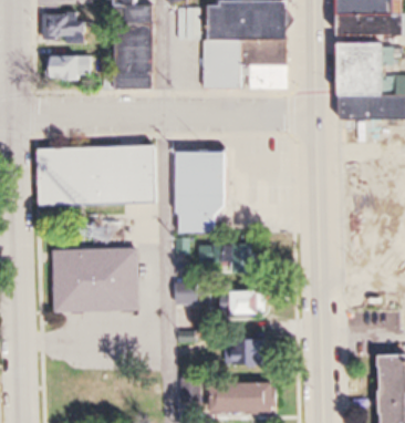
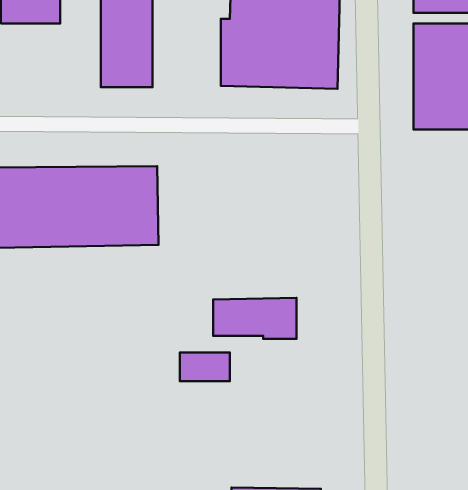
building: [46,55,90,80] -> none
building: [172,151,228,235] -> none
building: [52,247,138,311] -> none
building: [232,290,262,313] -> none
building: [224,339,267,364] -> none

